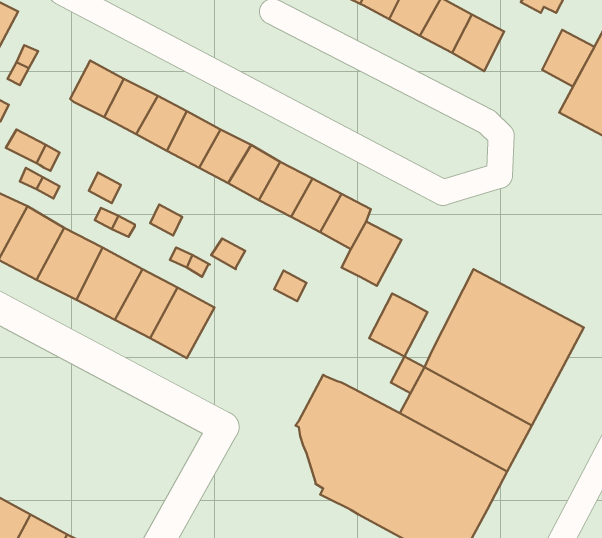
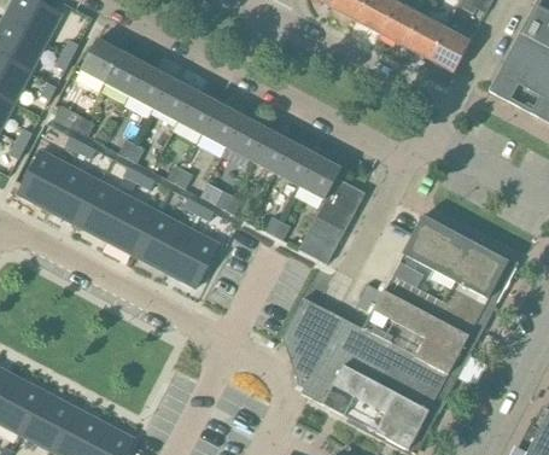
building: [542,30,594,87] -> [430,28,471,72]
building: none -> [80,39,119,81]
building: [369,294,427,356] -> [299,214,345,263]

